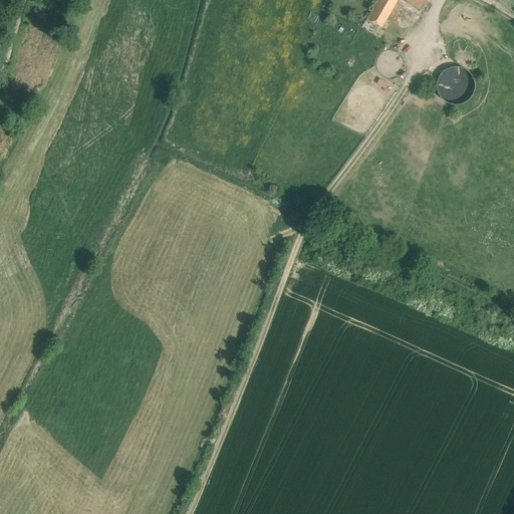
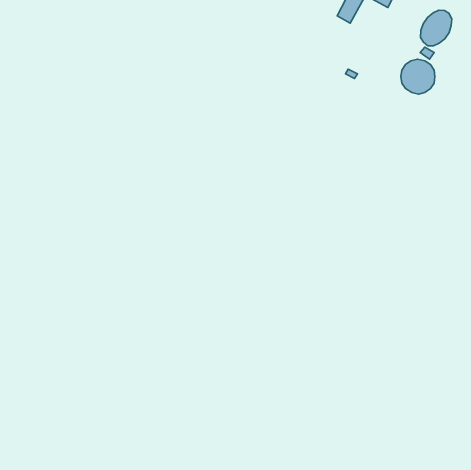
building: none -> [421,10,452,46]

